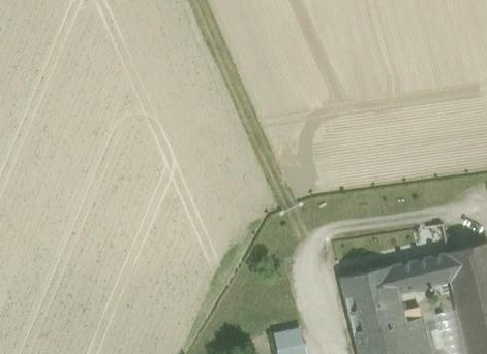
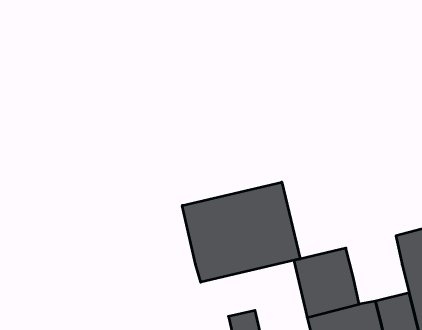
building: none -> [182,182,300,282]
building: [393,253,450,294] -> none

